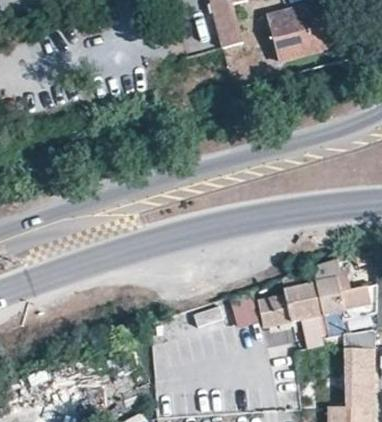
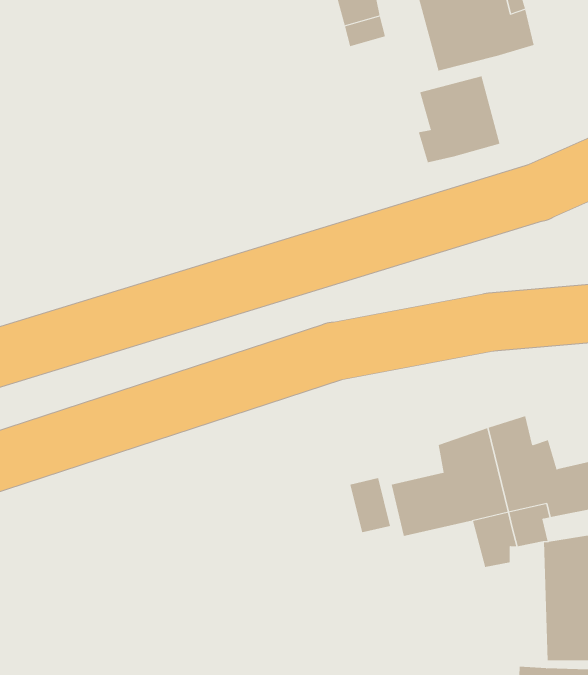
building: none -> [418,76,500,163]

